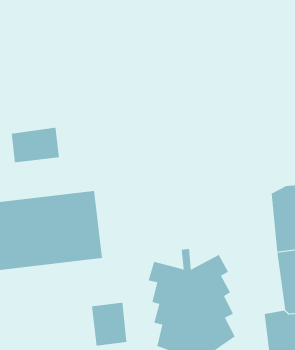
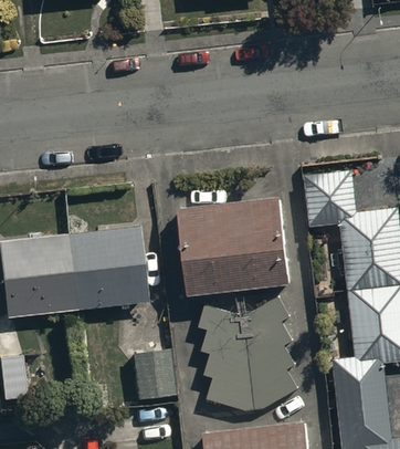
building: [11,127,60,163] -> none
building: none -> [304,175,355,231]
building: none -> [179,194,291,293]

